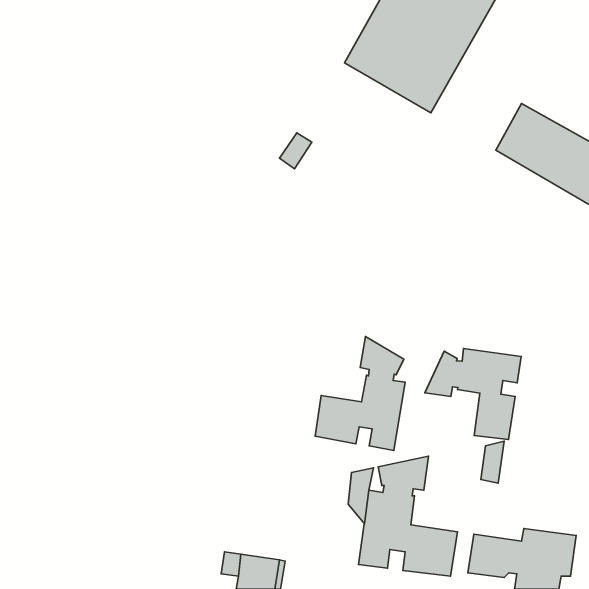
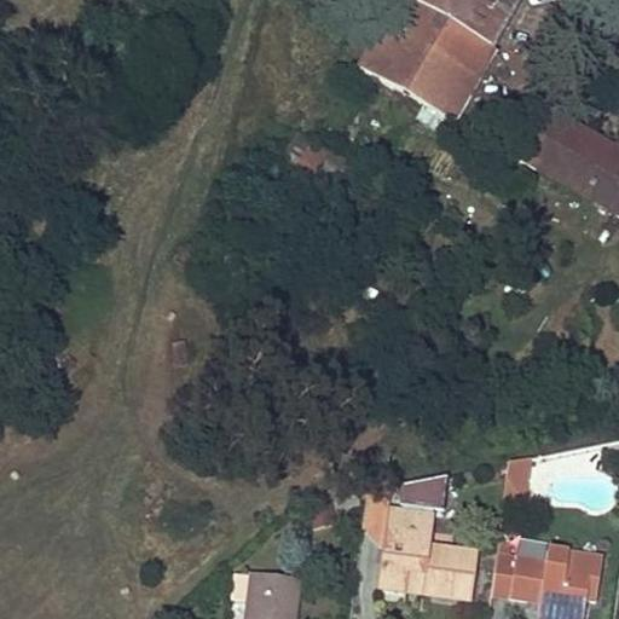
building: [315,337,405,451] -> none
building: [425,349,521,440] -> none

